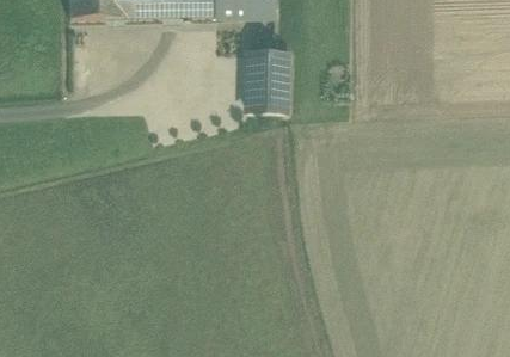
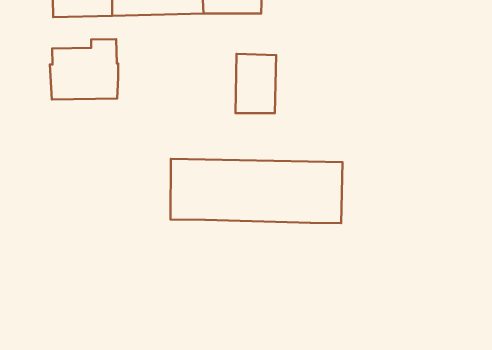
building: none -> [50,39,118,99]
building: none -> [171,159,343,223]

